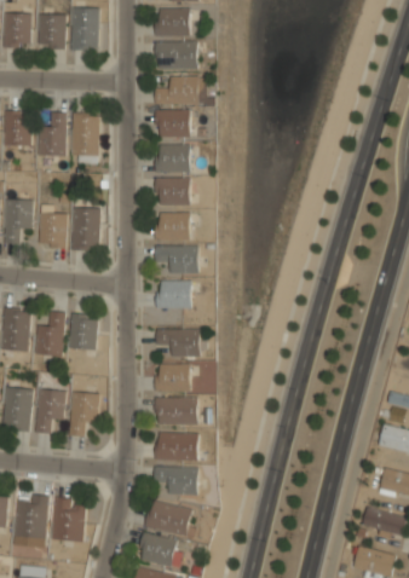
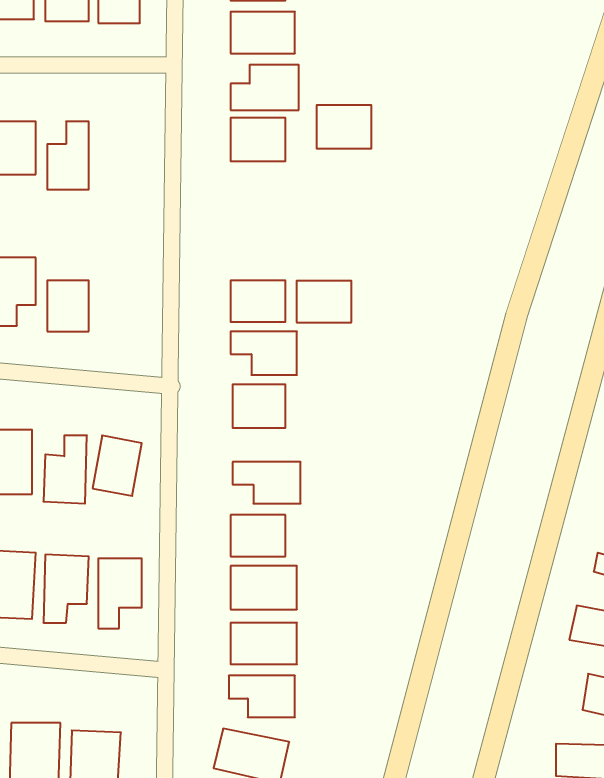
building: [71,112,99,155] -> none
building: [156,143,191,170] -> [317,105,371,149]
building: [156,178,191,204] -> [297,281,351,322]
building: [71,207,99,248] -> none

